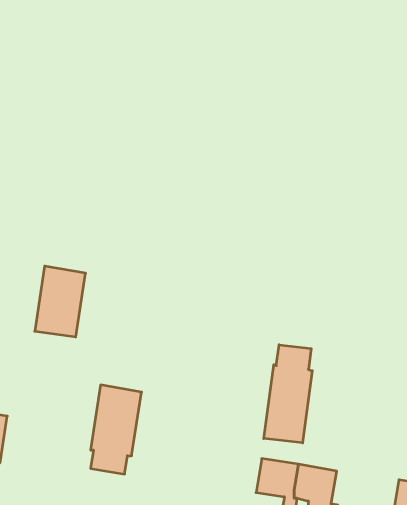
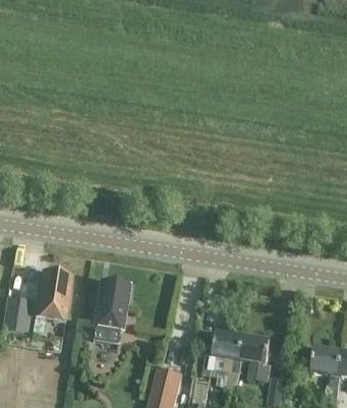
building: [35,266,86,337] -> [35,269,71,319]
building: [264,345,312,443] -> none

